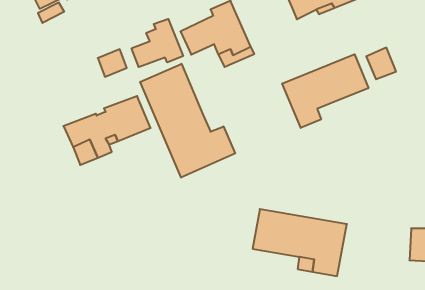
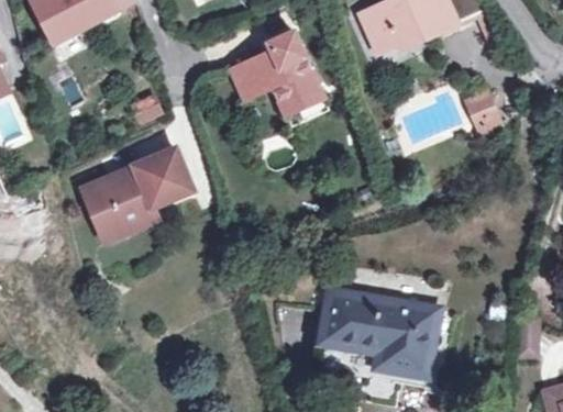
building: [132,19,183,67] -> none
building: [282,54,368,128] -> none
building: [140,64,235,178] -> none

